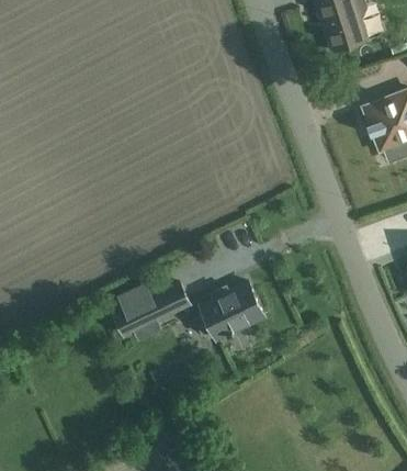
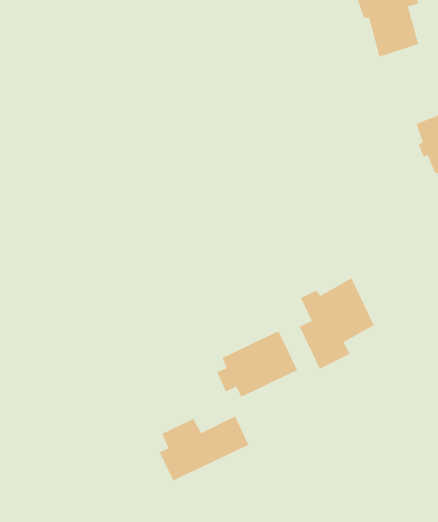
building: none -> [298,277,375,370]
building: [115,281,192,337] -> [159,415,250,482]

